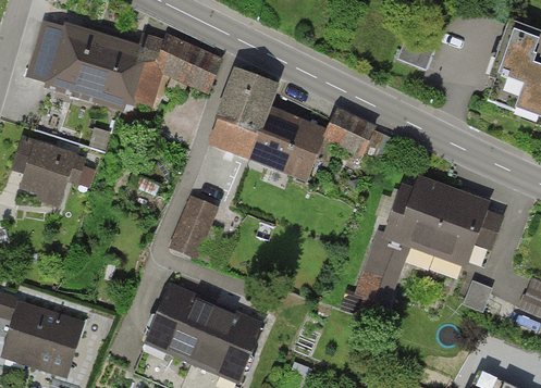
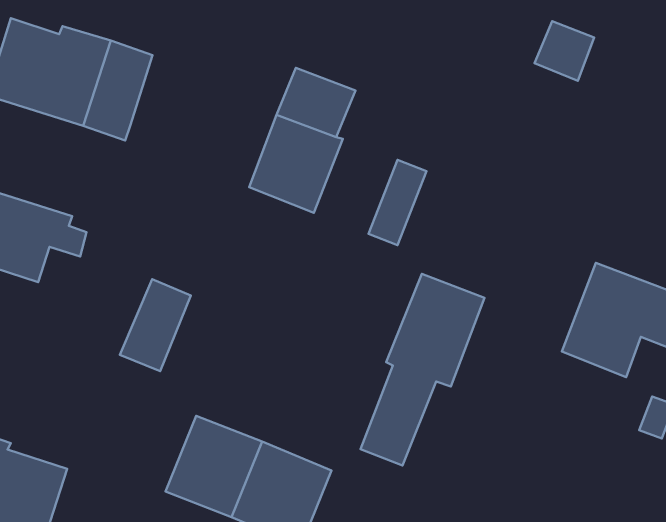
building: [126,36,221,107] -> none
building: [250,108,307,172] -> none
building: [323,109,371,159] -> none
building: [357,175,441,304] -> [360,274,485,465]
building: [170,198,218,260] -> [120,279,191,371]

